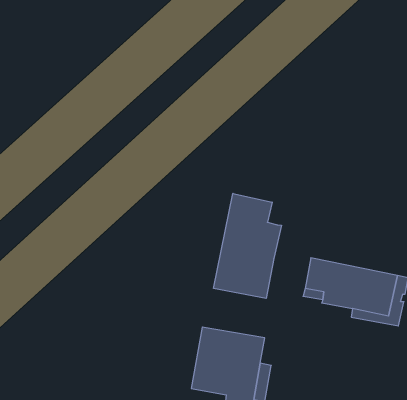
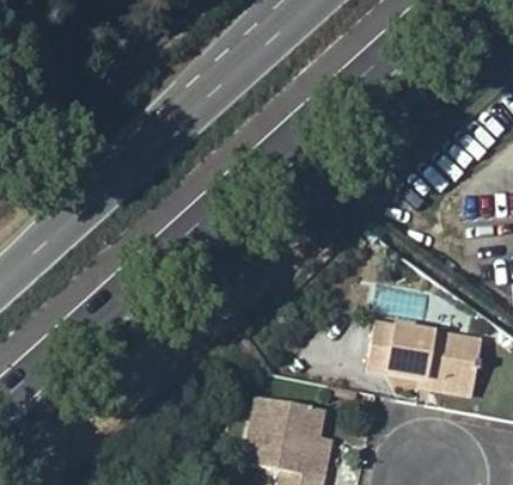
building: [214,193,281,298] -> none

